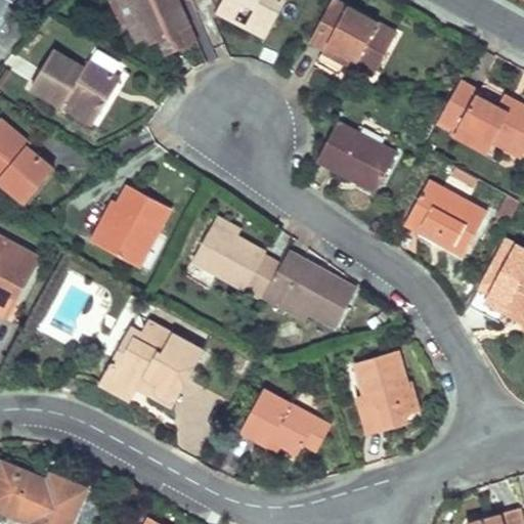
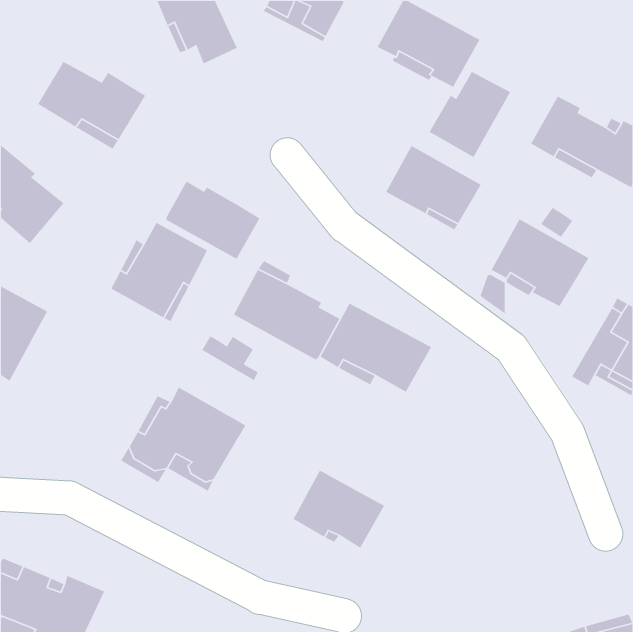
building: none -> [429,71,511,158]
building: none -> [165,180,260,260]
building: none -> [201,335,259,381]
building: [355,350,420,434] -> none

